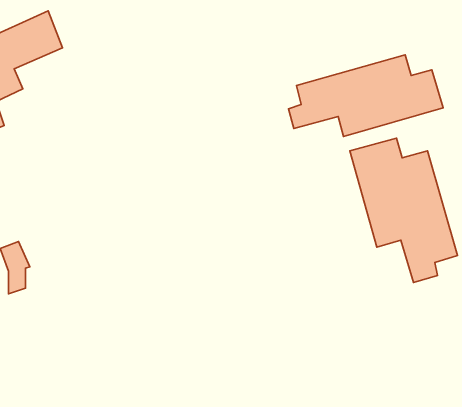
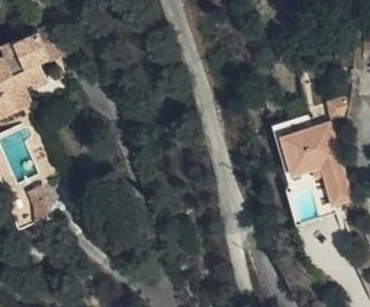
building: [288,55,443,137] -> none

